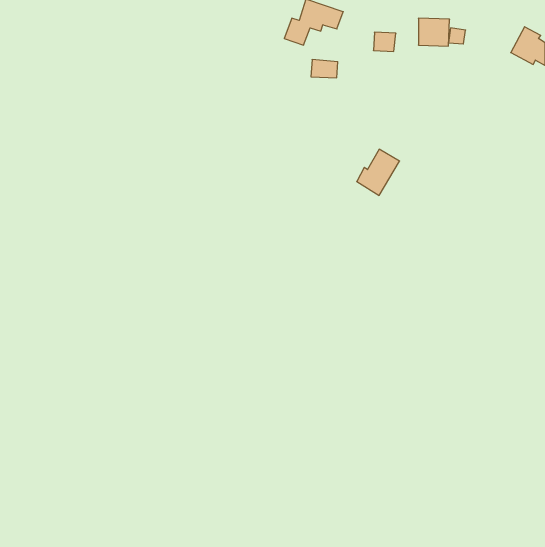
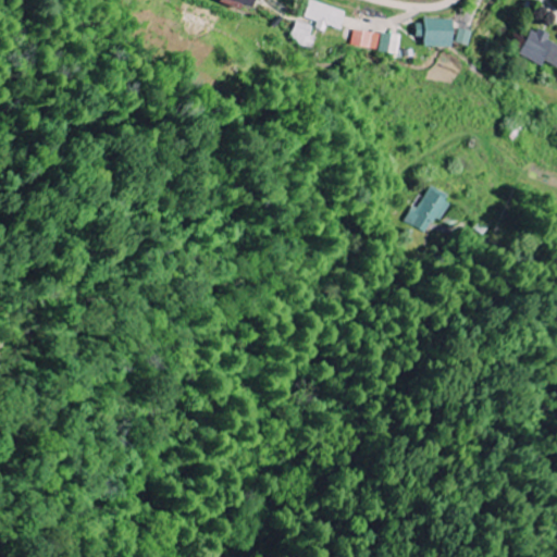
building: [311,60,338,78] -> [351,29,379,48]
building: [357,149,400,195] -> [405,187,448,234]

